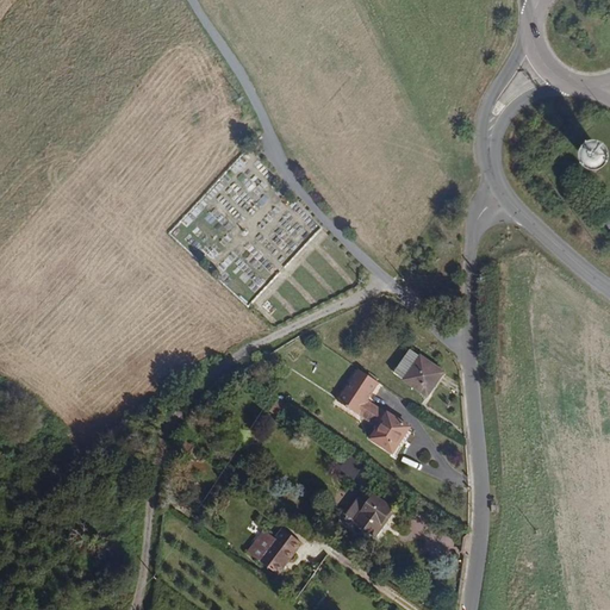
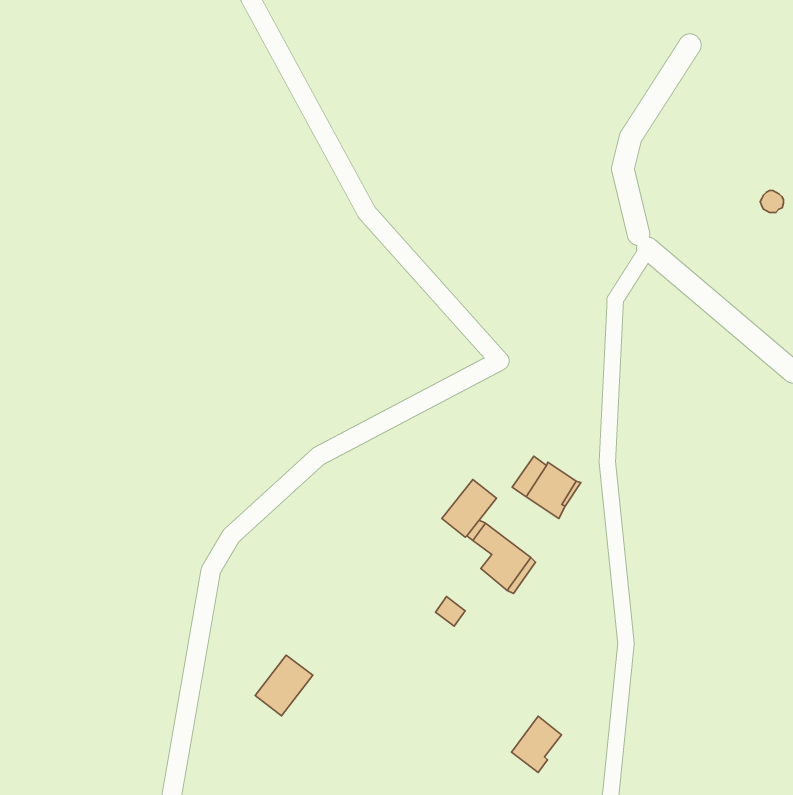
building: [346,493,384,536] -> [512,716,562,772]
building: [256,528,300,574] -> [255,655,313,716]

